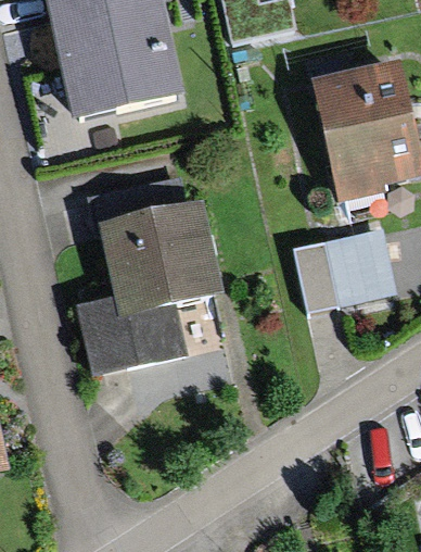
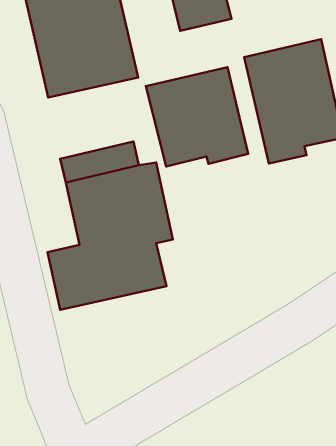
building: none -> [146,67,248,167]
building: [295,231,396,312] -> none

